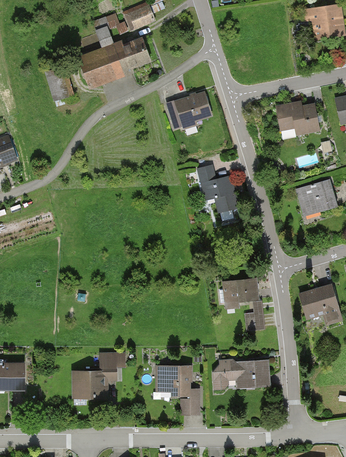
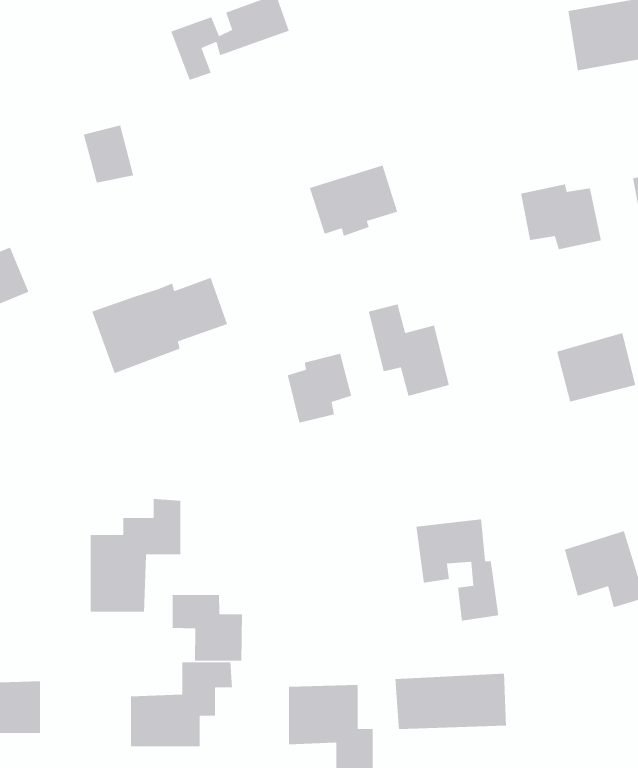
building: [79,37,151,88] -> [91,277,228,374]
building: none -> [287,353,352,424]
building: none -> [90,498,181,612]
building: none -> [172,594,243,661]

